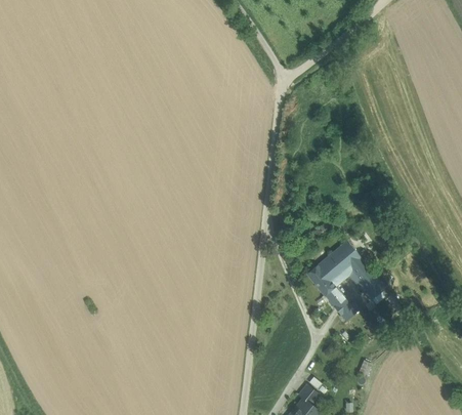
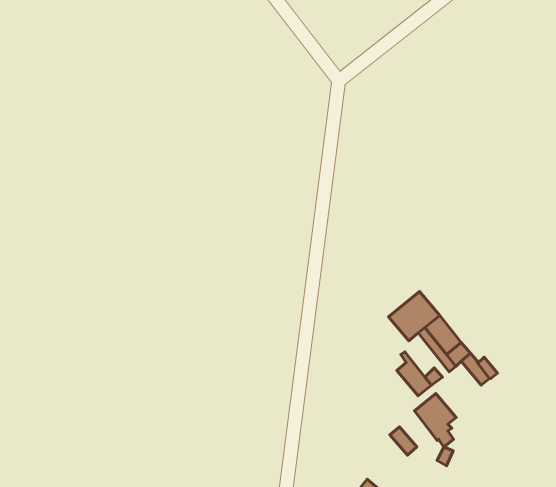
building: [306,260,338,301] -> [414,393,456,447]

